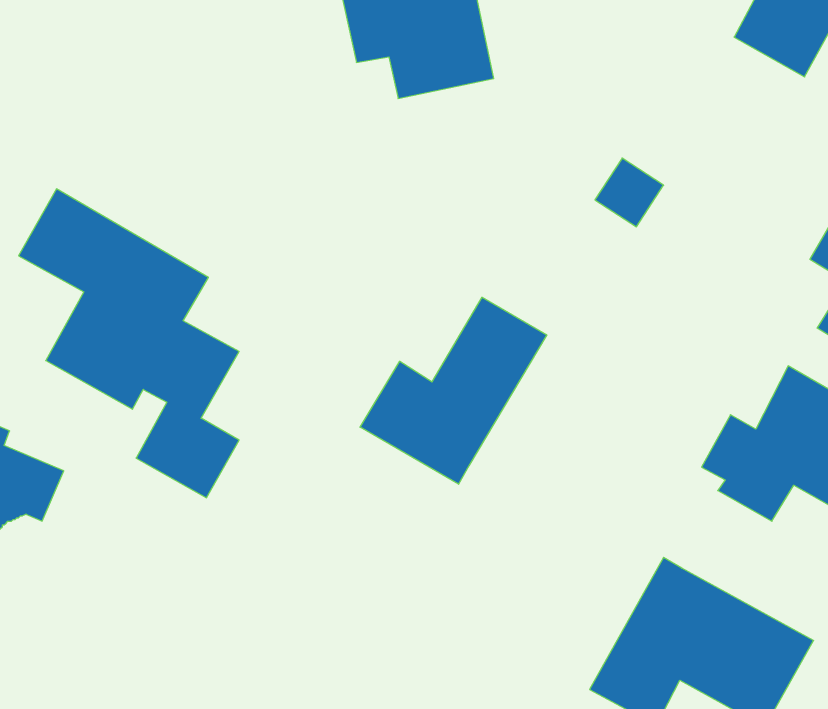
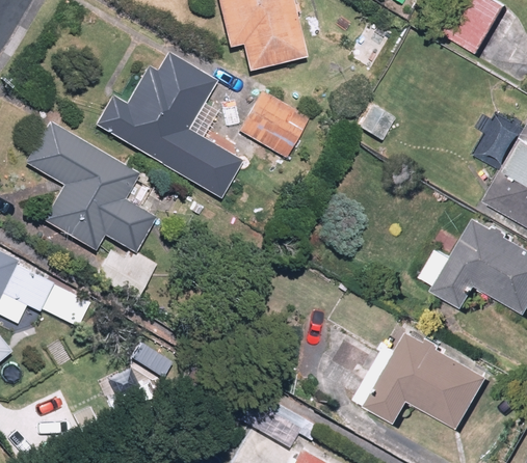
building: none -> [96,51,244,197]
building: none -> [240,92,309,157]
building: [360,297,547,484] -> none

